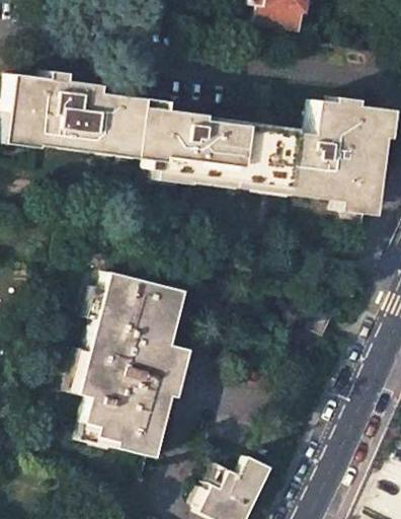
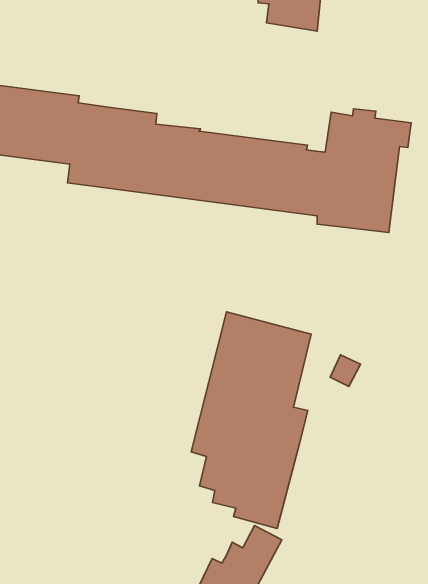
building: [81,274,184,460] -> [191,312,311,528]

